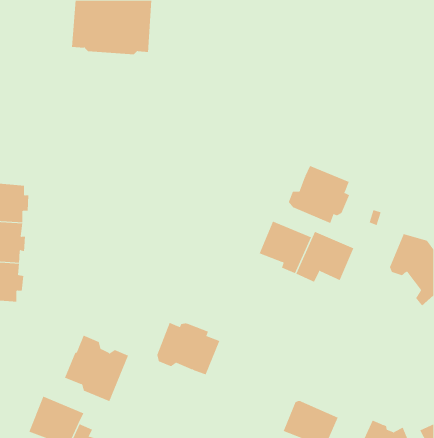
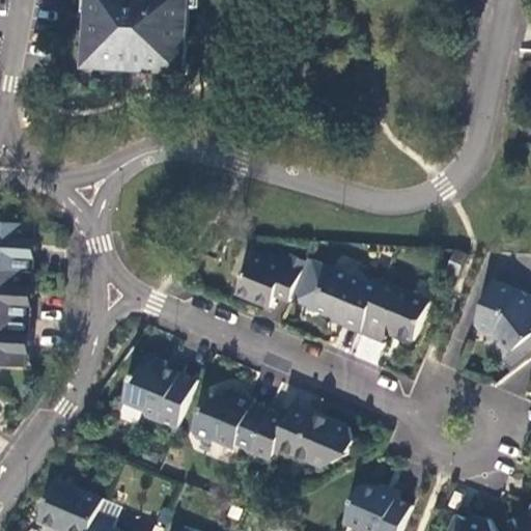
building: [288,165,350,224] -> none
building: none -> [234,254,303,308]
building: none -> [249,404,353,465]
building: [64,335,129,402] -> [119,350,197,430]

